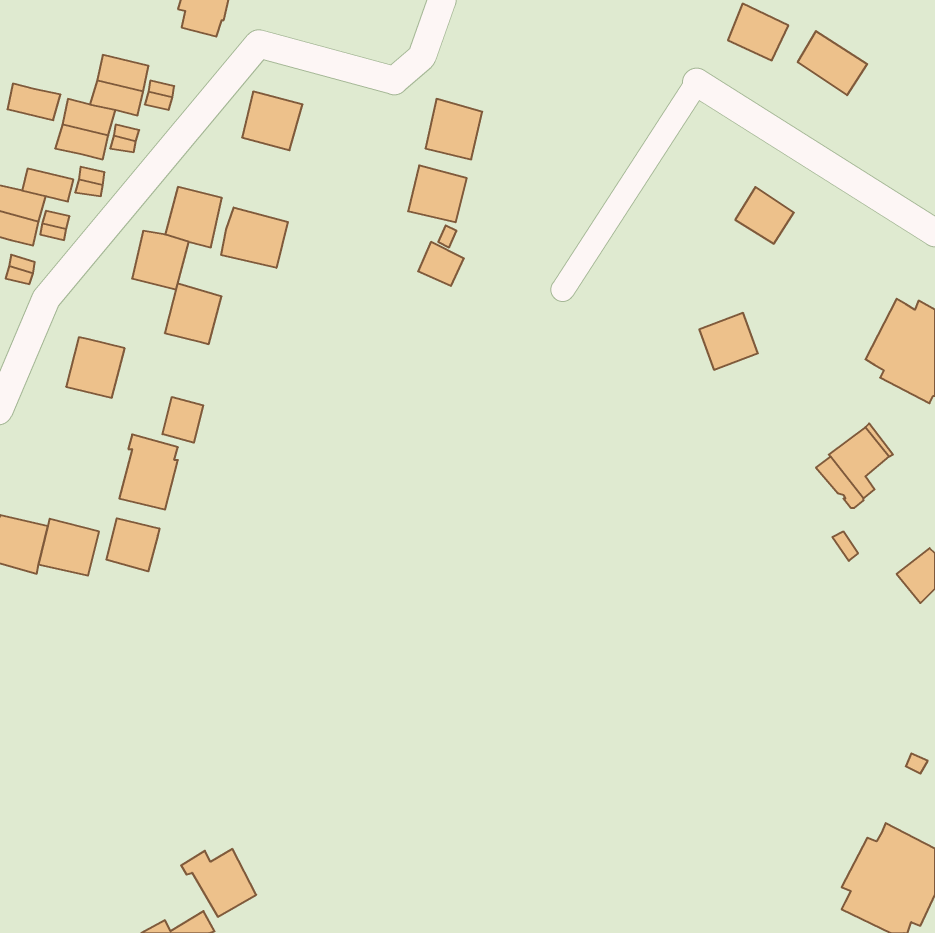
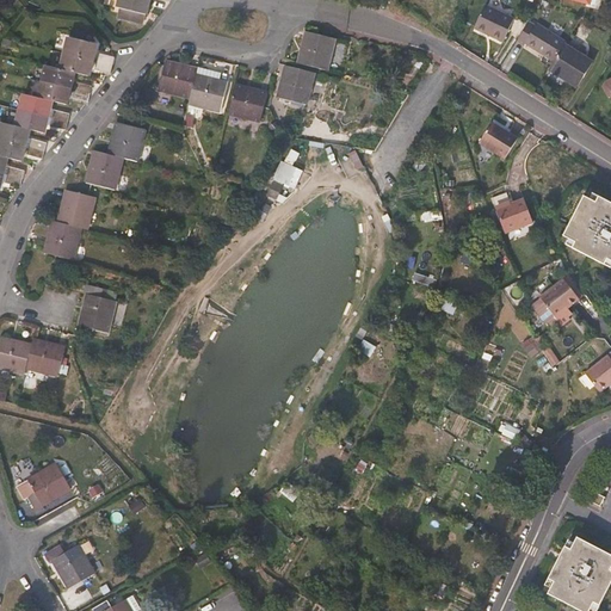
building: none -> [297,30,334,70]
building: none -> [550,42,592,84]
building: [7,84,61,120] -> [18,93,53,117]
building: none -> [187,68,227,111]
building: [408,165,467,222] -> [228,84,266,121]
building: [221,207,288,268] -> none
building: [165,284,222,344] -> [57,189,94,228]
building: [699,313,758,370] -> [495,193,533,230]
building: [162,397,203,443] -> none
building: [106,518,159,571] -> none
building: none -> [20,463,69,511]
building: [181,849,256,917] -> [44,543,93,587]

